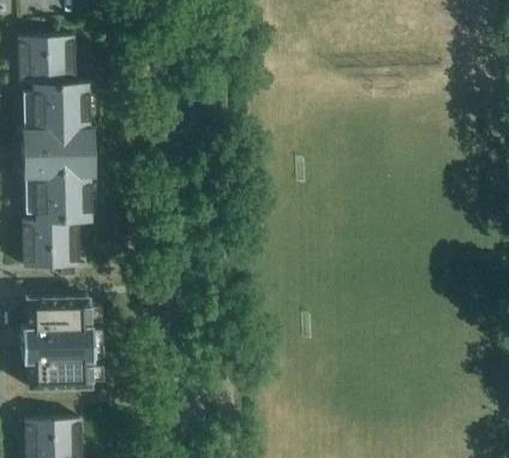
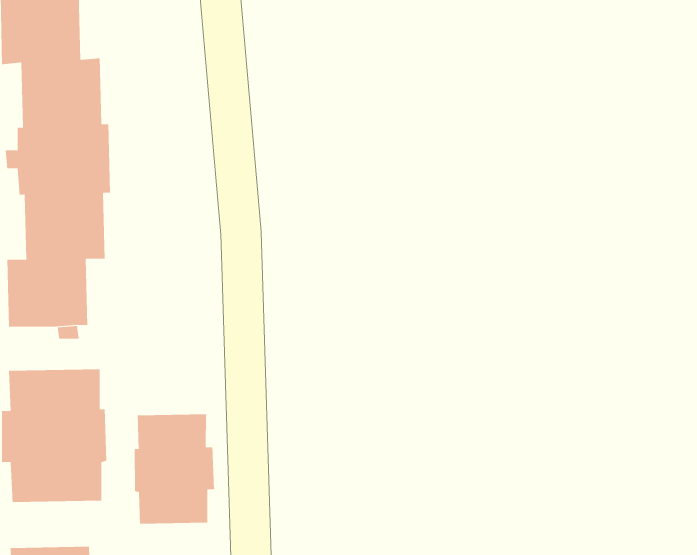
building: none -> [134,414,214,524]

